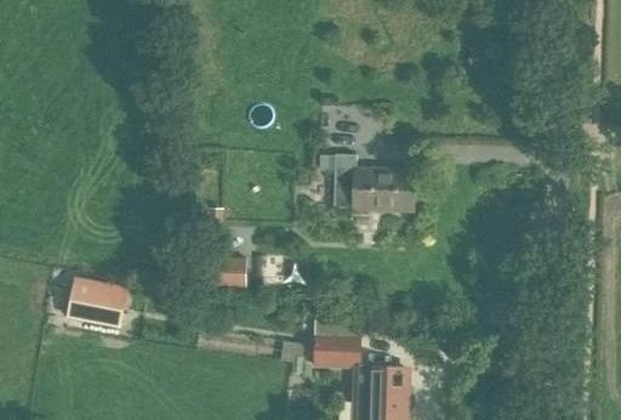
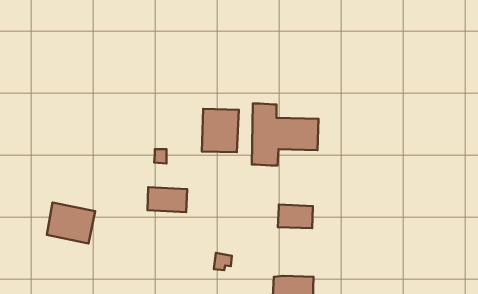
building: none -> [202,109,239,152]
building: [317,336,361,367] -> [278,204,313,228]

